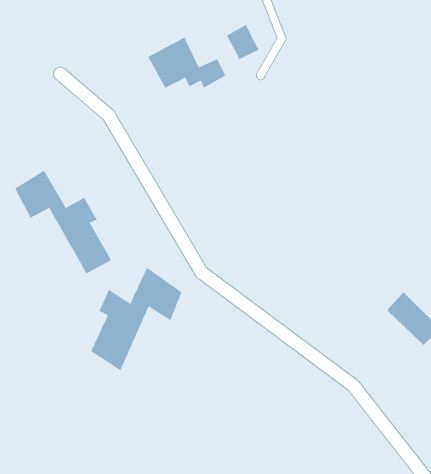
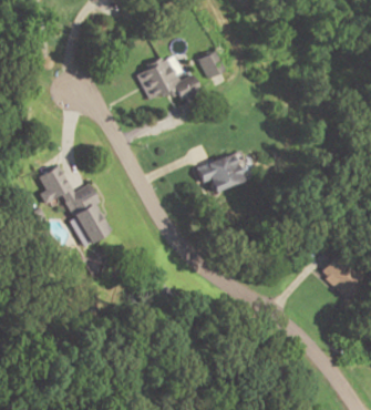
building: none -> [194,148,251,192]
building: [90,267,182,371] -> none

